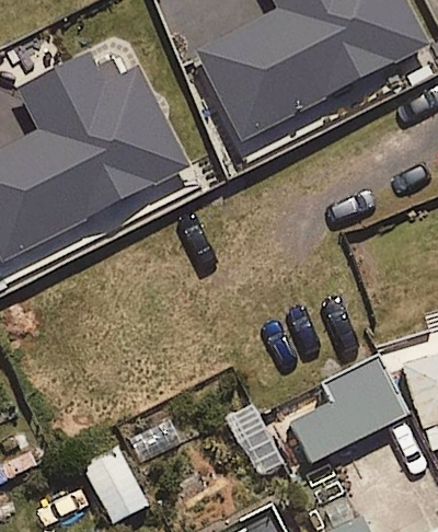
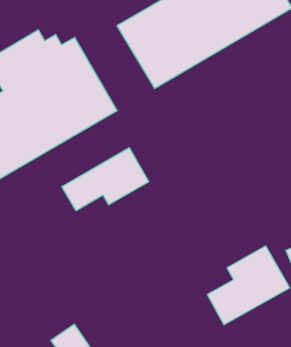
building: none -> [62,148,149,211]

